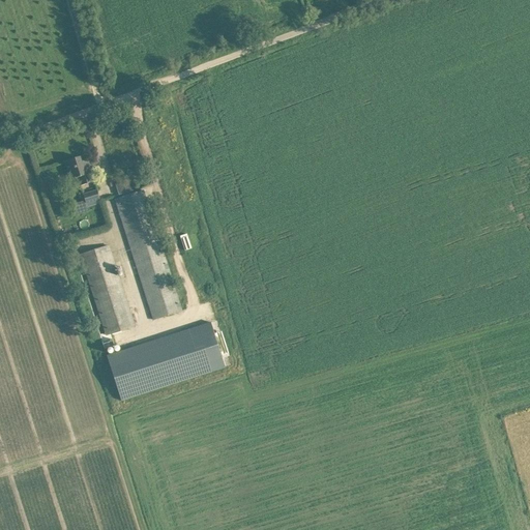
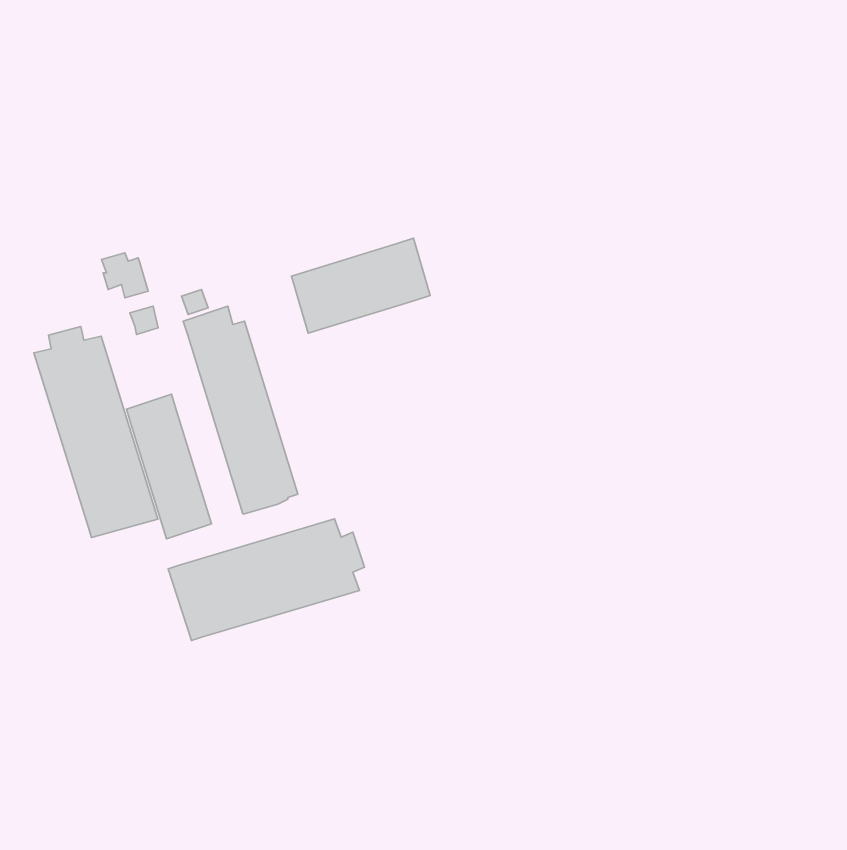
building: none -> [291,238,430,333]
building: none -> [34,326,158,538]

